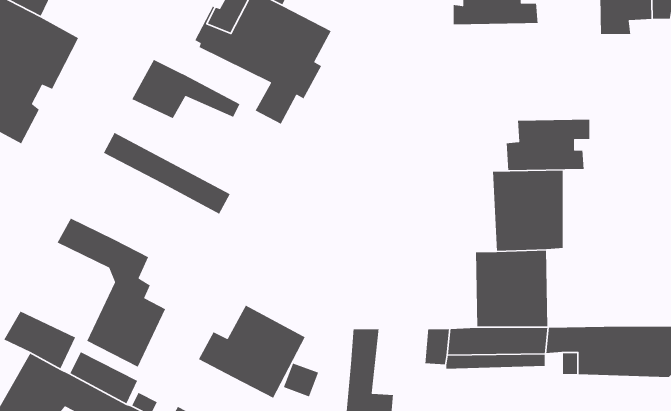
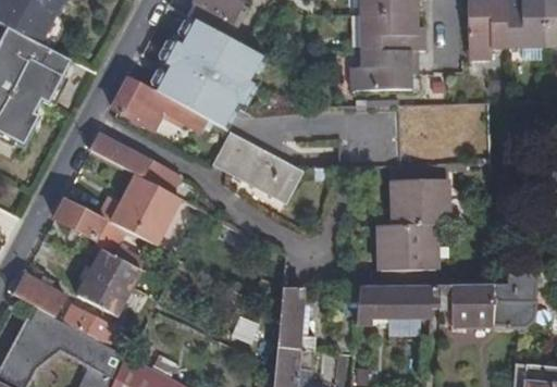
building: none -> [152,70,219,118]
building: [506,119,590,171] -> [351,51,417,91]
building: none -> [212,130,296,198]
building: [198,305,306,399] -> [98,175,182,248]

